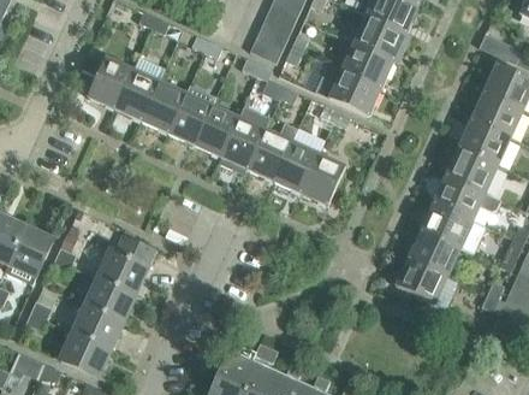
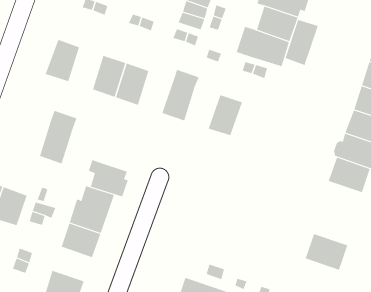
building: [114,55,164,120] -> [39,110,77,164]
building: none -> [285,19,319,66]
building: [194,105,238,157] -> none
building: [246,120,296,181] -> none
building: [299,153,345,205] -> none
building: none -> [88,159,128,197]
building: [396,257,448,303] -> [305,233,348,270]
building: [72,303,121,347] -> none

